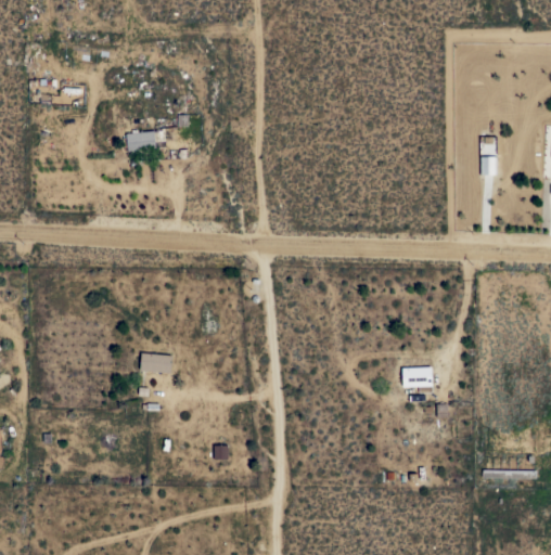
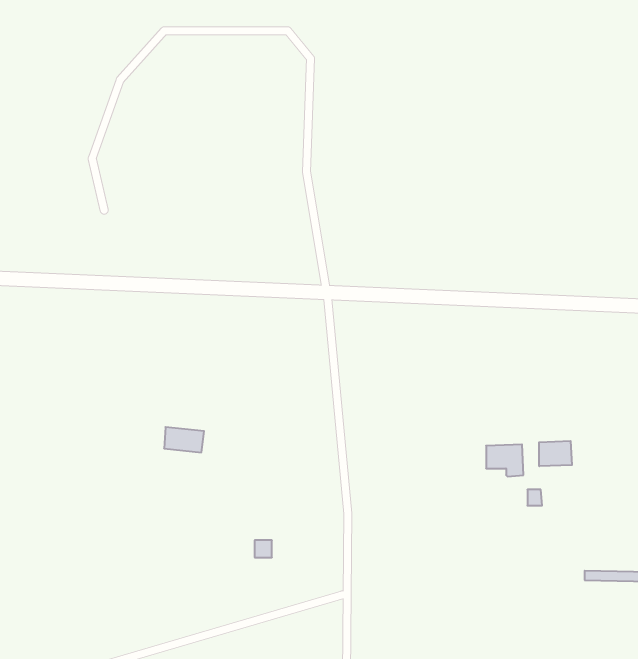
building: [124,128,166,153] -> none
building: none -> [539,441,572,466]

